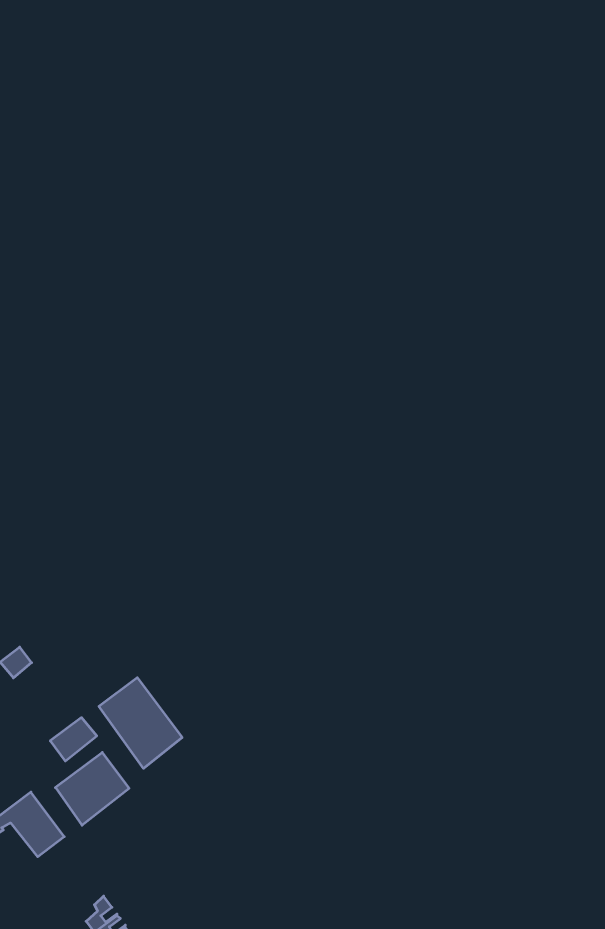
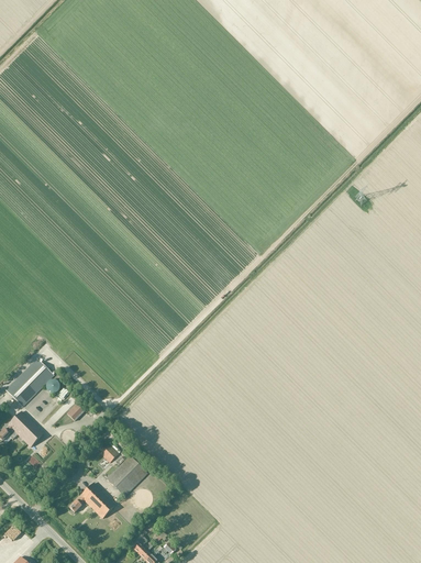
building: [99,678,182,768] -> none

